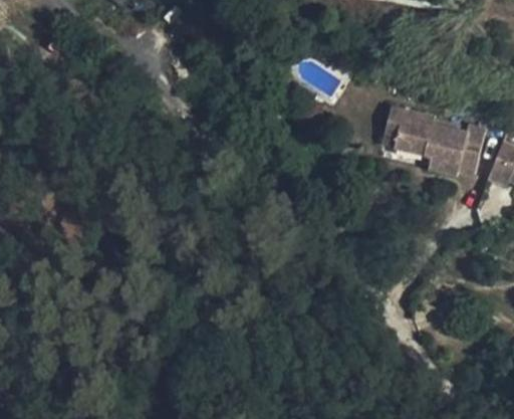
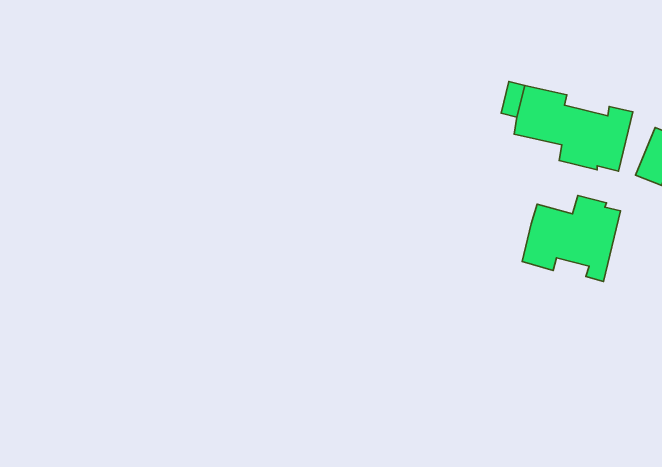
building: none -> [522,196,621,282]

